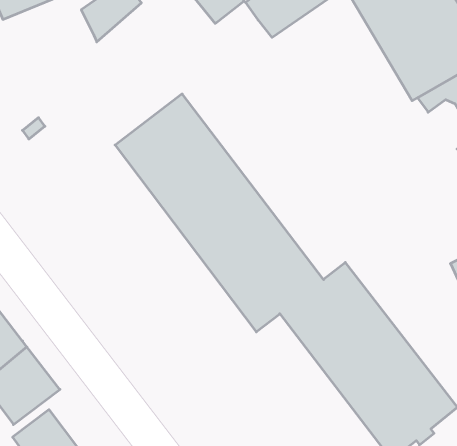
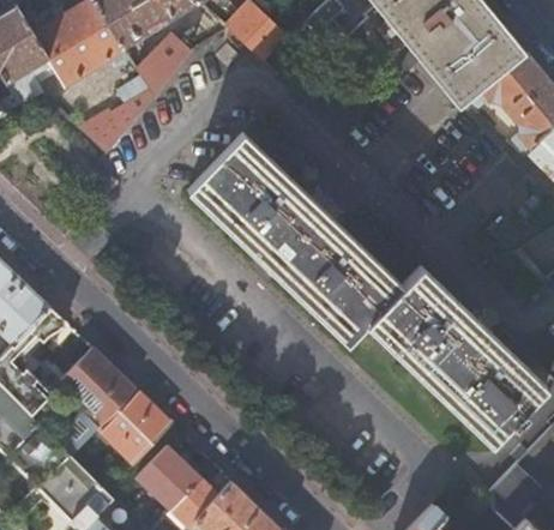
building: none -> [80,89,155,153]

